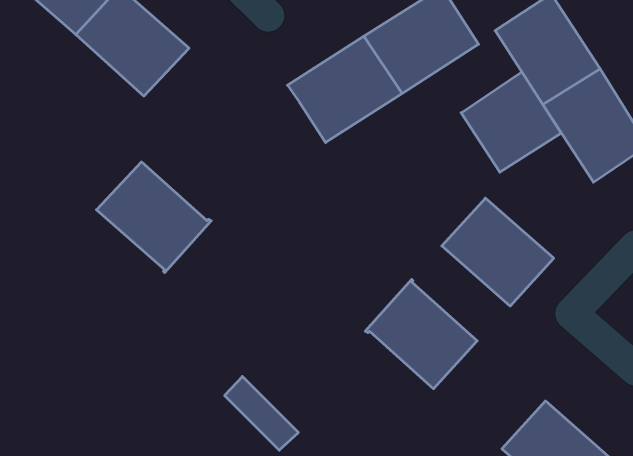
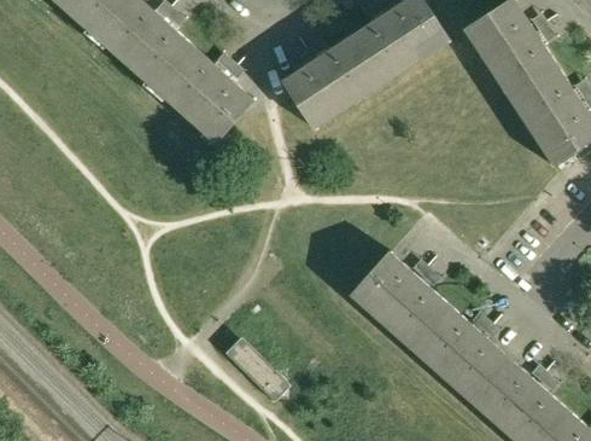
building: [461,72,561,172] -> none
building: [96,162,211,273] -> [153,46,254,144]
building: [442,198,554,306] -> [409,304,508,400]

